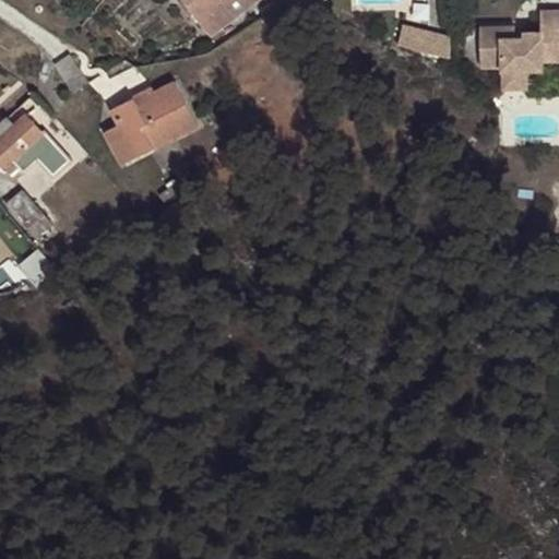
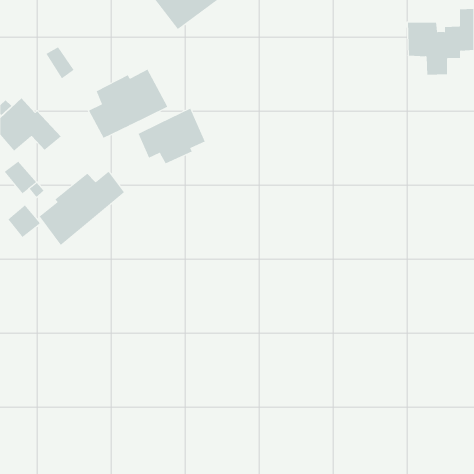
building: [403,24,450,57] -> none
building: none -> [138,108,206,164]
building: none -> [39,171,125,246]

